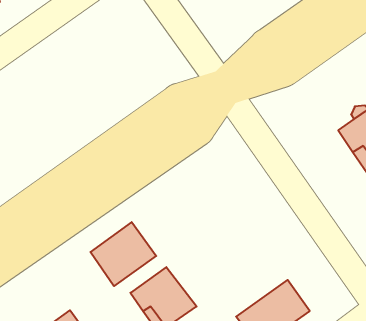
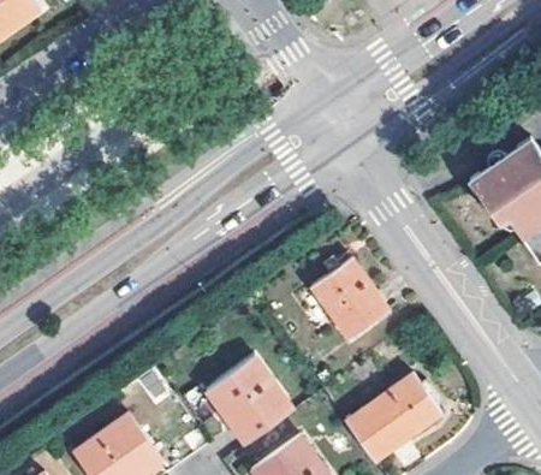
building: none -> [311,256,388,339]
building: [90,222,156,286] -> none

